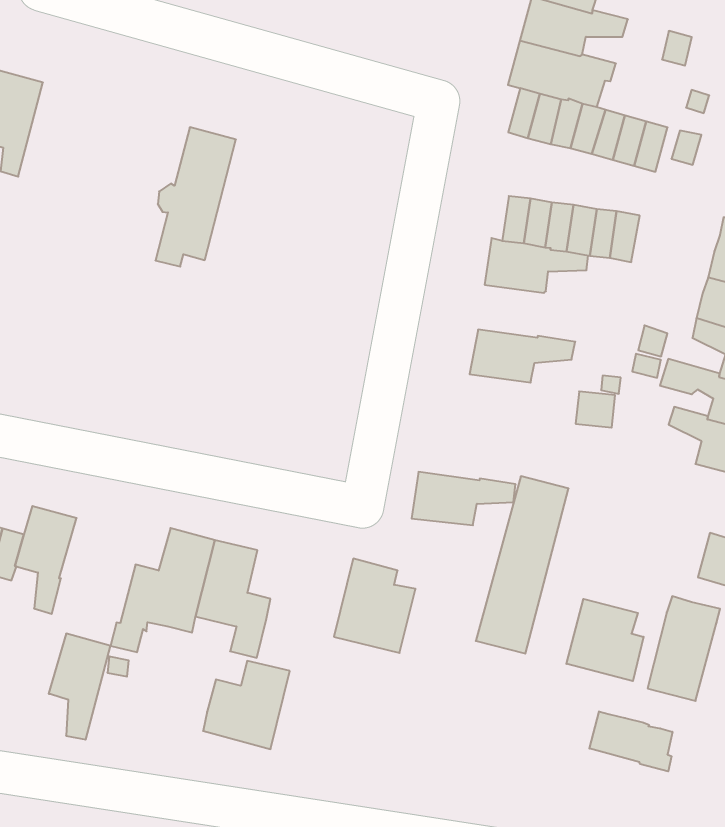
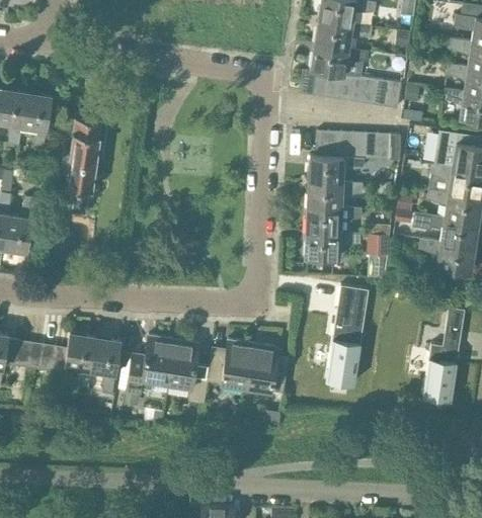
building: [155,127,236,267] -> [63,120,102,198]
building: none -> [308,183,363,209]
building: [412,472,516,525] -> [305,234,360,260]
building: [566,599,644,681] -> none
building: [49,634,110,740] -> [90,337,122,395]
building: [203,661,290,749] -> [208,340,252,387]
building: [589,711,672,771] -> none

